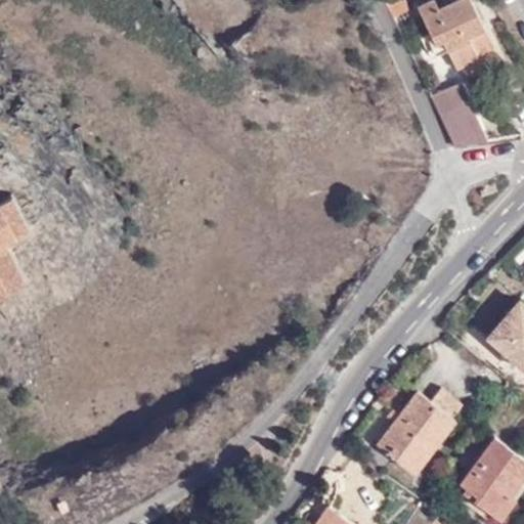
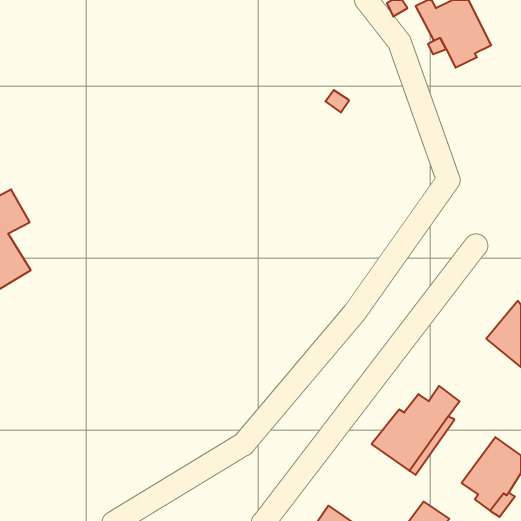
building: [429,83,485,144] -> none

